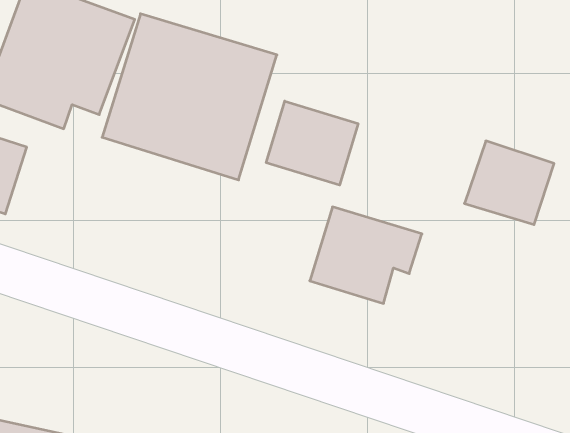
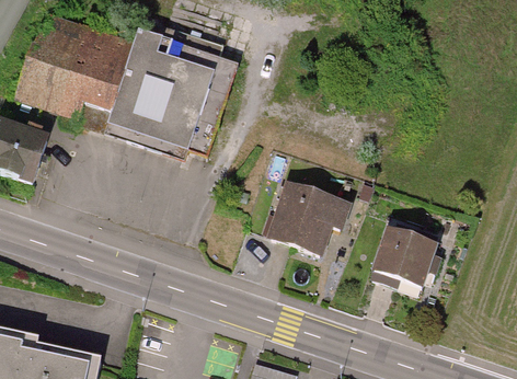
building: [266,101,358,185] -> none
building: [464,141,554,225] -> [367,226,436,290]

